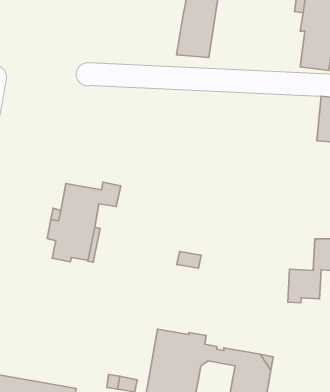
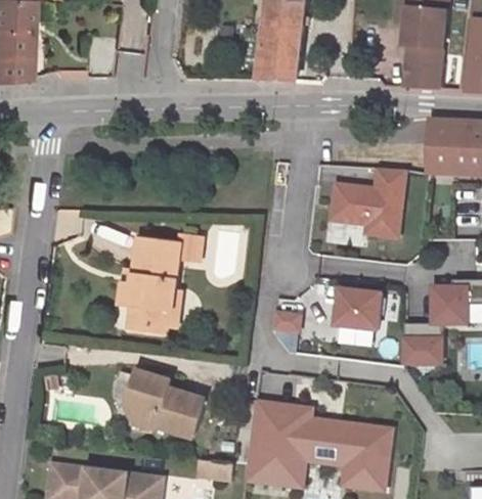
building: none -> [332,169,406,237]
building: none -> [336,288,383,329]
building: none -> [124,369,203,437]
building: none -> [306,437,348,463]

